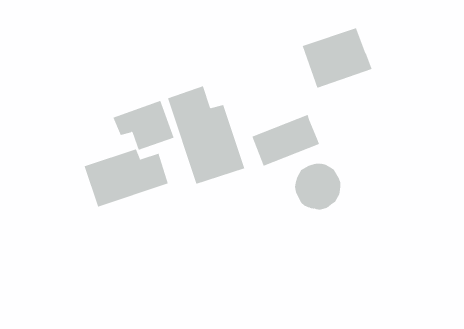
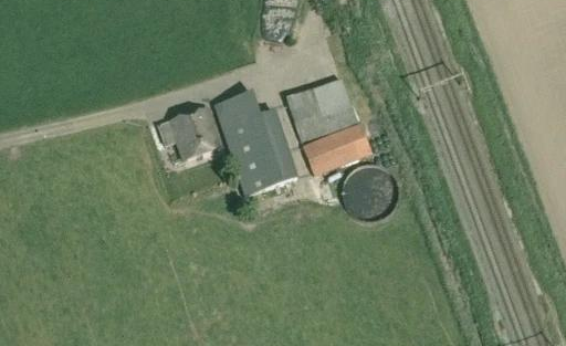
building: [302,28,372,88] -> [285,76,358,139]
building: [84,149,168,207] -> none

